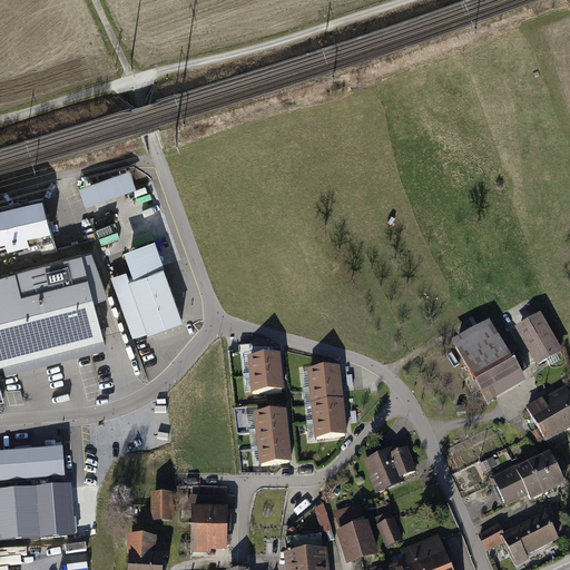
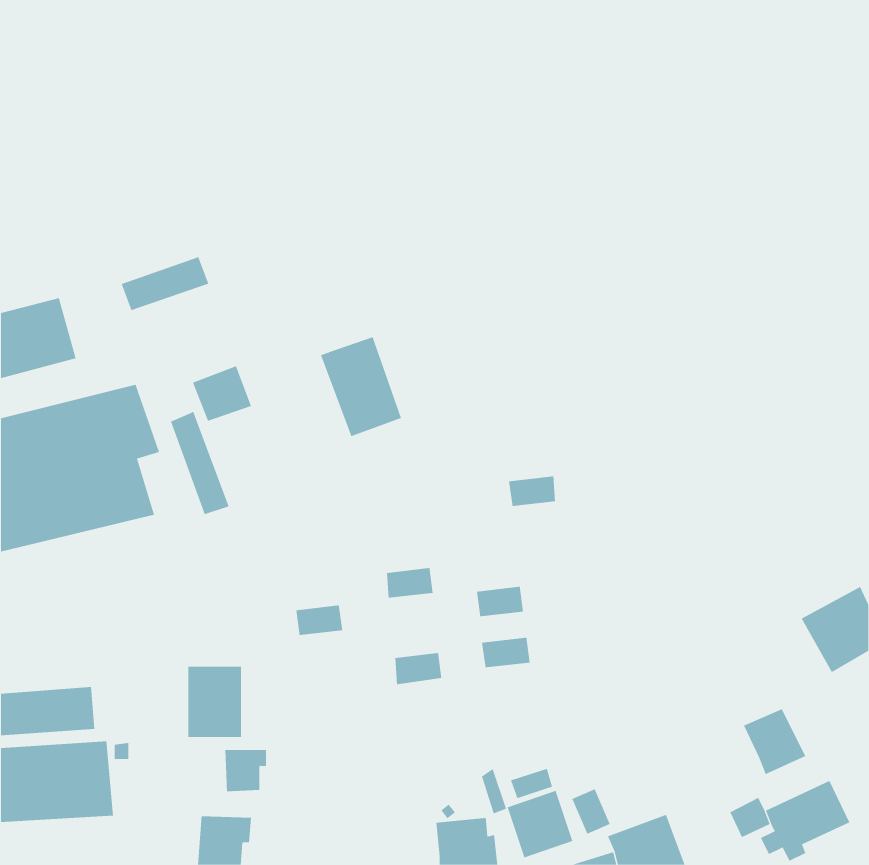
building: [130,266,184,332] -> [320,337,402,437]
building: [512,309,559,362] -> none
building: [450,317,523,401] -> none
building: [250,355,282,375] -> none
building: [309,367,341,387] -> [508,476,556,507]
building: [314,401,345,421] -> none
building: [256,411,287,431] -> [295,605,343,635]
building: [259,444,292,465] -> none
building: [361,446,414,493] -> none
building: [512,449,561,495] -> none
building: [188,502,224,549] -> [187,666,242,738]

